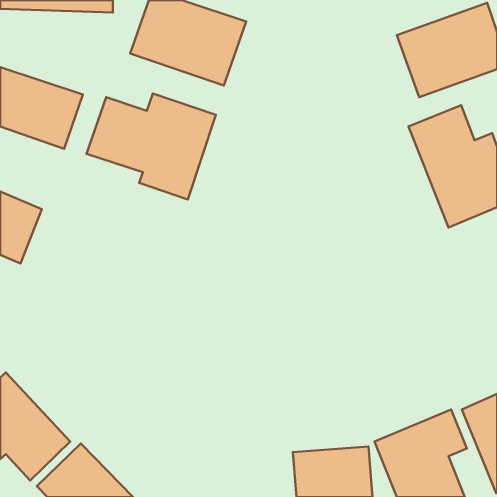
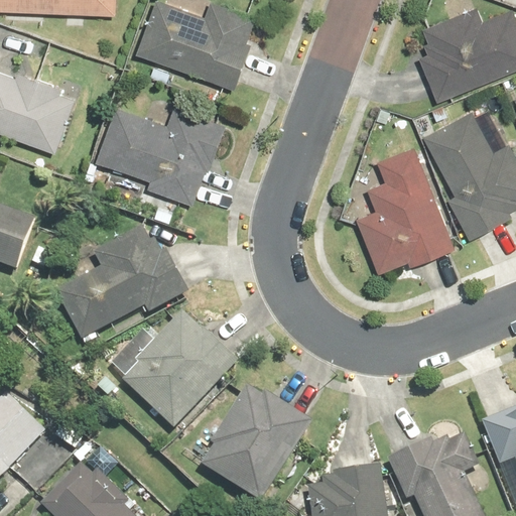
building: none -> [355,145,453,276]
building: none -> [49,227,184,344]
building: none -> [116,312,235,430]
building: none -> [198,384,309,501]

